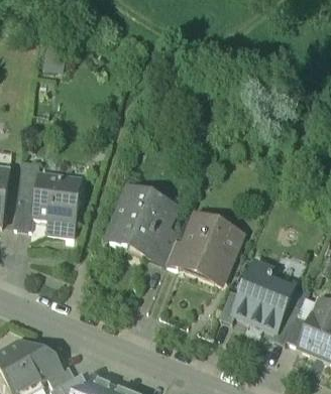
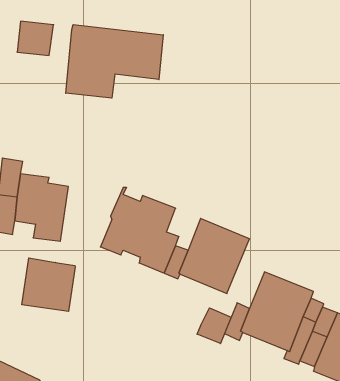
building: none -> [66,25,163,98]
building: none -> [22,258,75,311]
building: none -> [197,308,231,344]

